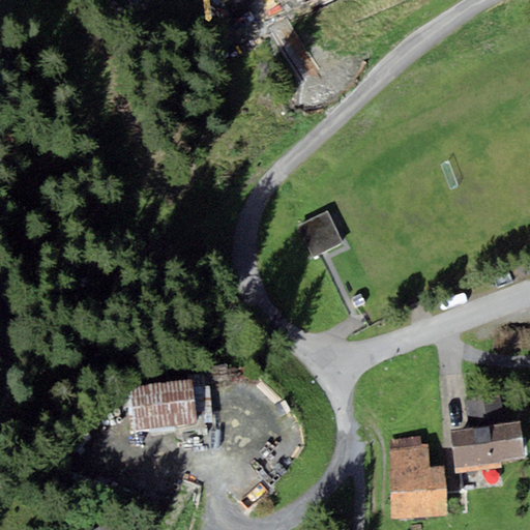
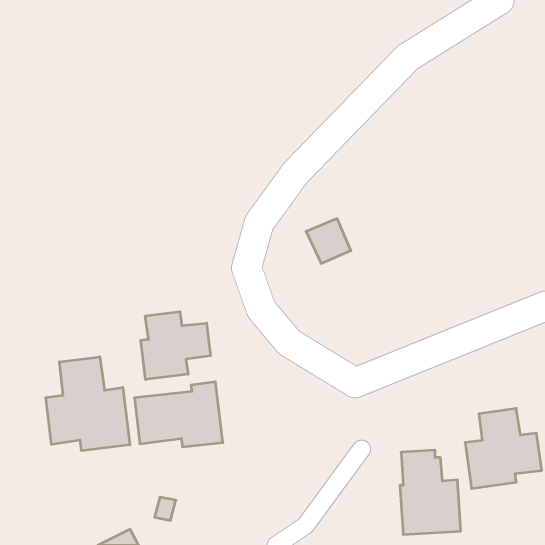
building: none -> [141,312,211,380]
building: none -> [46,357,130,451]

